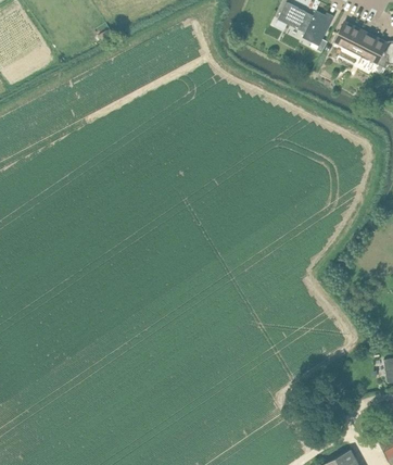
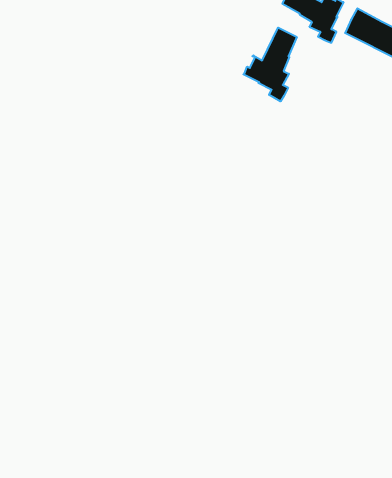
building: none -> [243,28,297,101]

